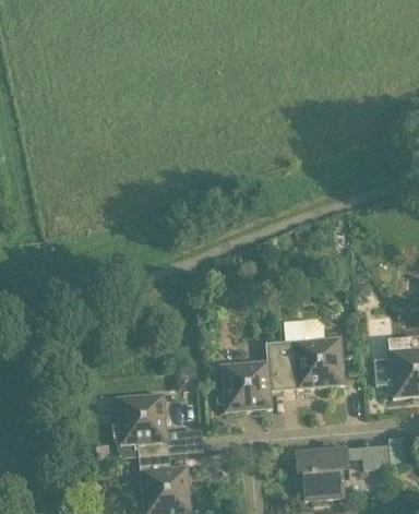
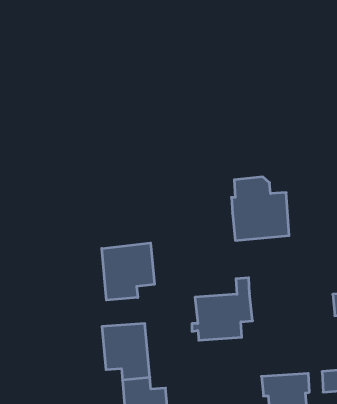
building: none -> [102,243,154,300]
building: [280,319,345,390] -> [231,177,289,240]

